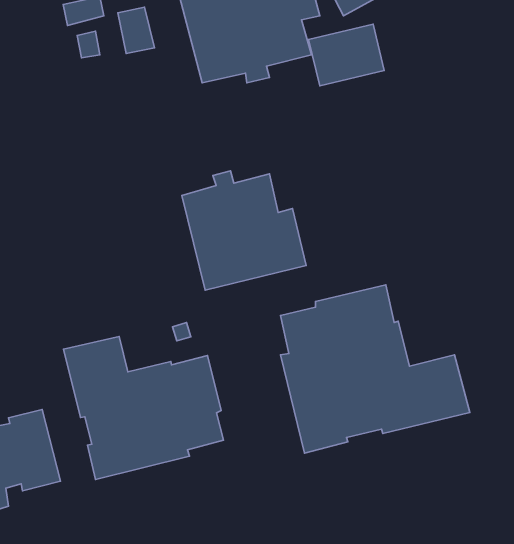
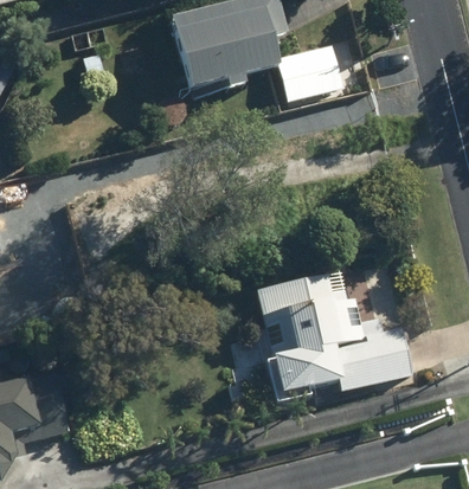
building: [182,171,306,290] -> none
building: [64,337,223,479] -> none

